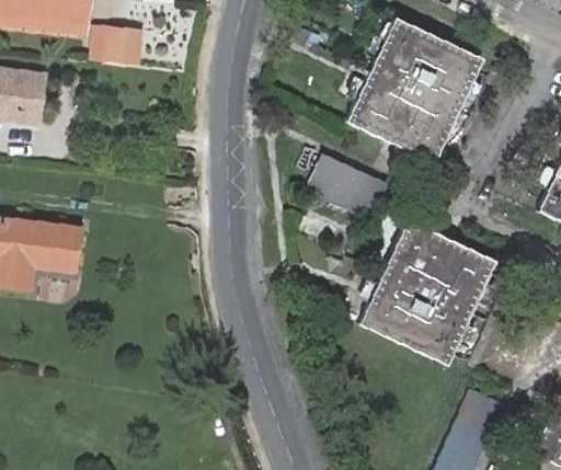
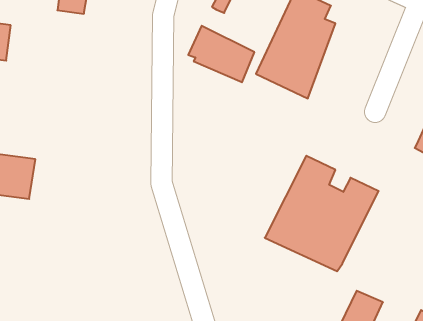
building: [411,47,485,165] -> none
building: [306,154,388,225] -> [188,26,254,82]

